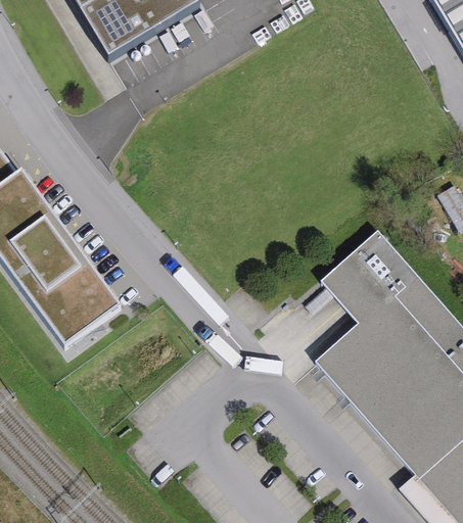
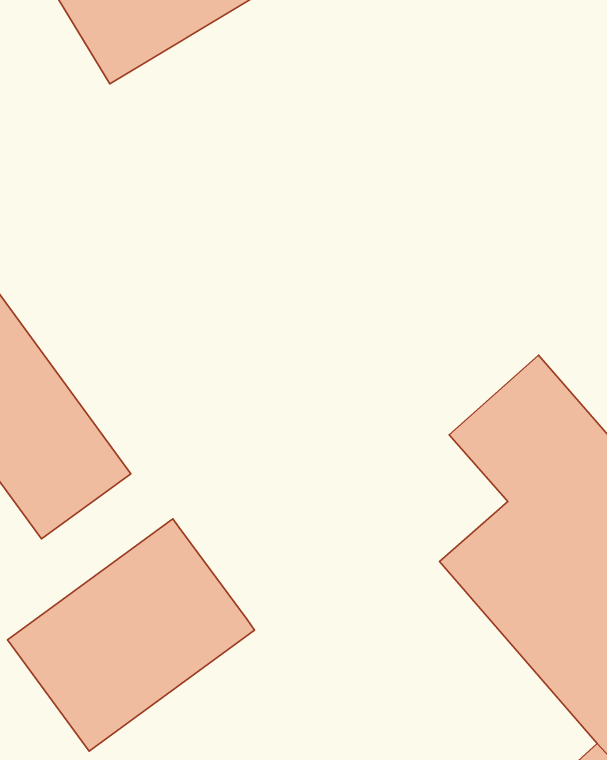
building: none -> [8,519,255,751]

